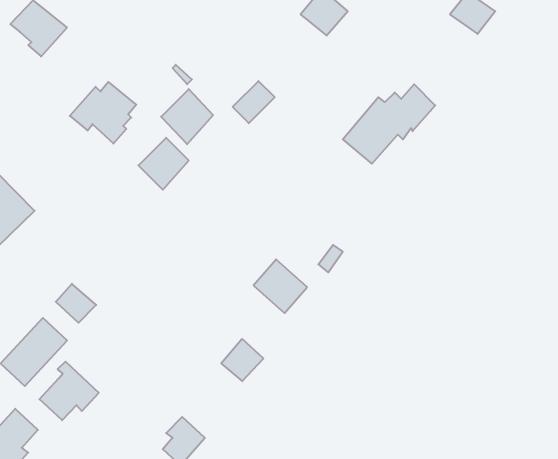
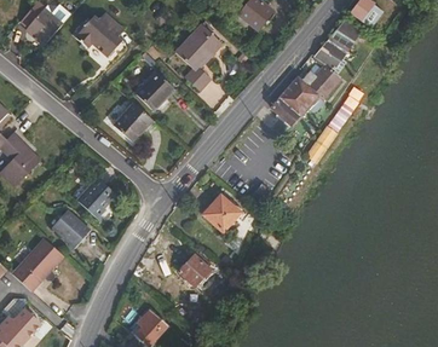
building: none -> [313,19,363,69]
building: none -> [178,24,223,70]
building: [70,82,136,144] -> [75,10,125,56]
building: none -> [77,178,121,219]
building: [39,362,99,420] -> none

